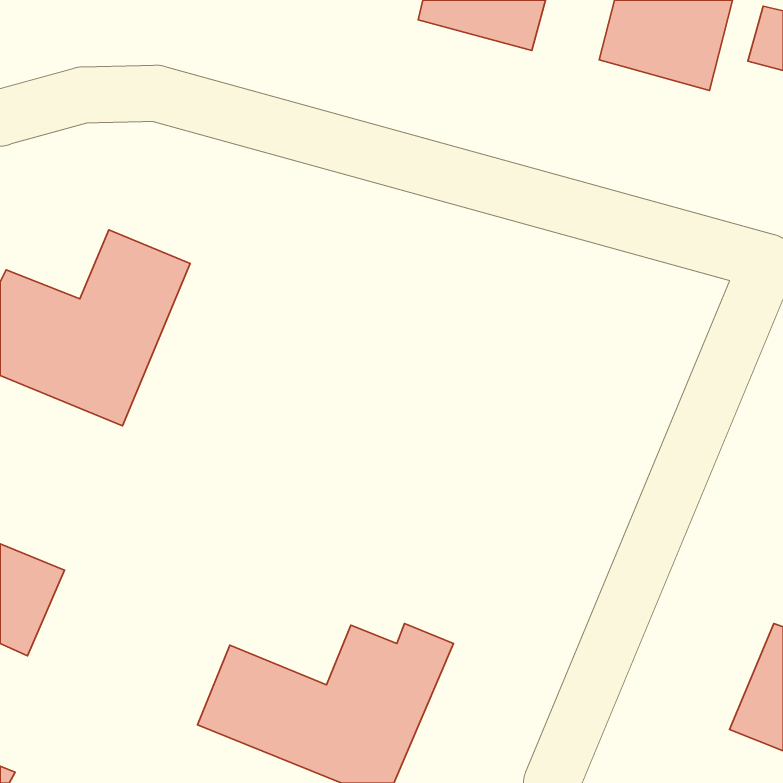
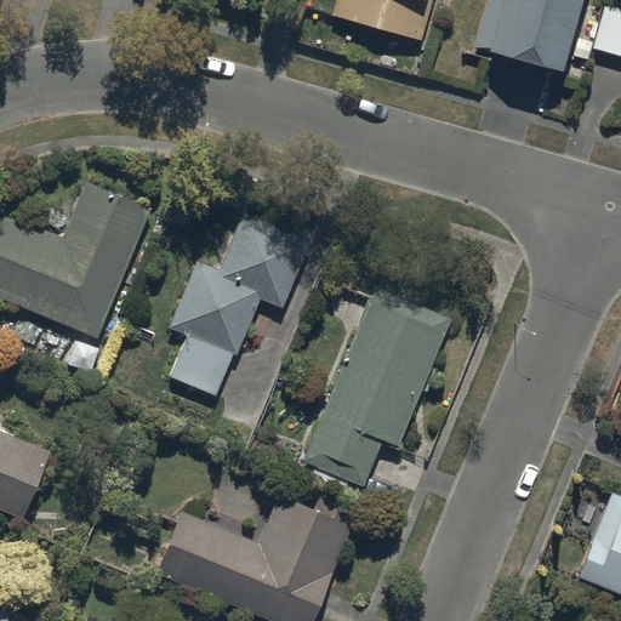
building: none -> [169,212,310,395]
building: none -> [302,287,451,486]

